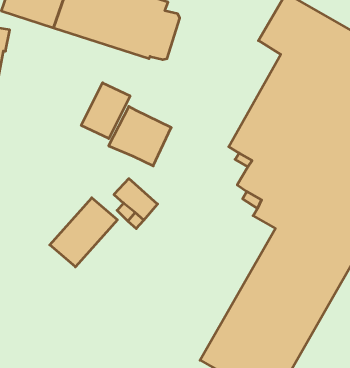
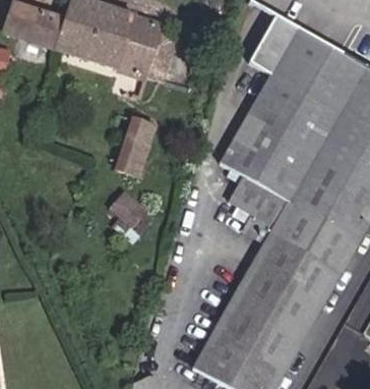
building: [81,83,130,139] -> none
building: [50,198,117,267] -> none

